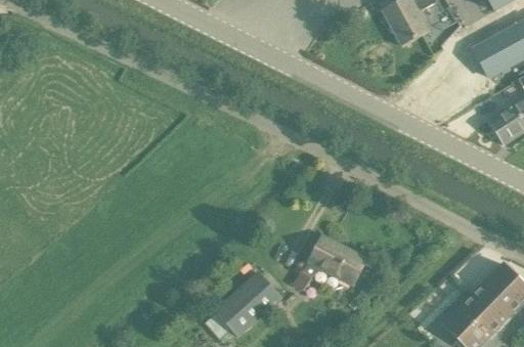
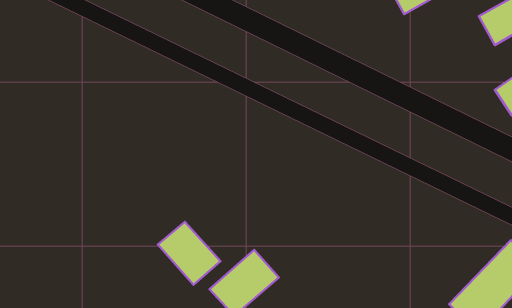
building: [283,233,366,301] -> none
building: none -> [158,222,221,285]

